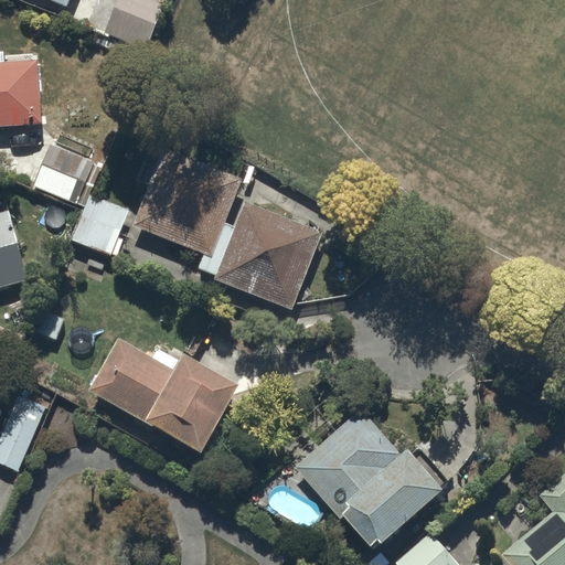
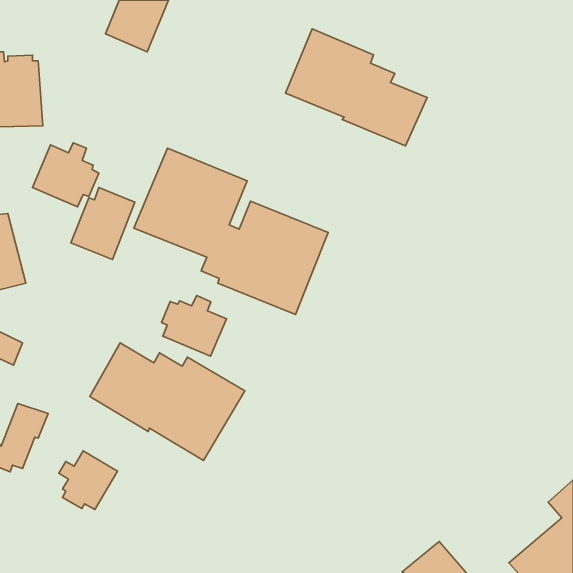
building: none -> [285,29,427,146]
building: none -> [161,296,227,356]
building: [294,411,443,546] -> none
building: none -> [59,451,118,510]

